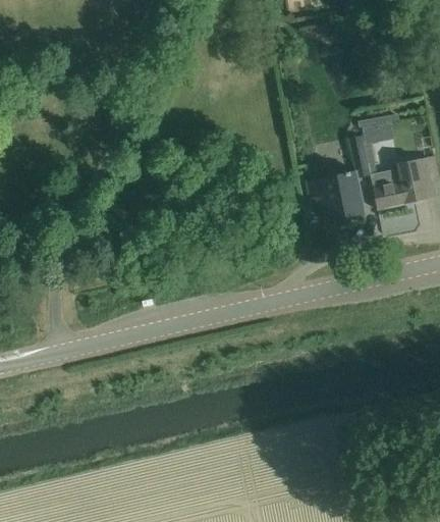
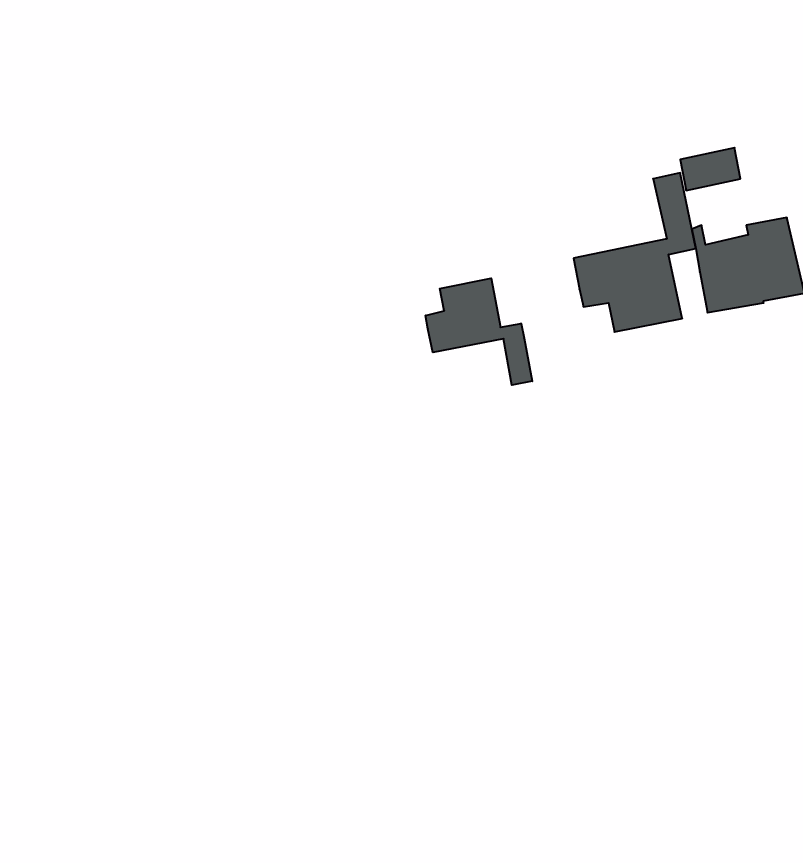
building: none -> [426,278,532,385]

